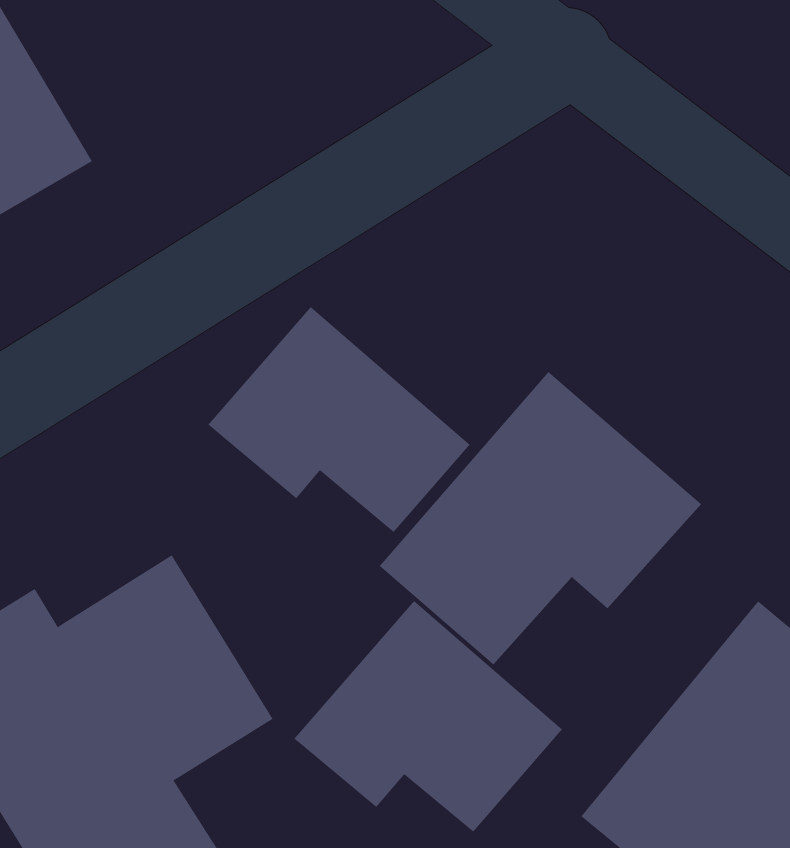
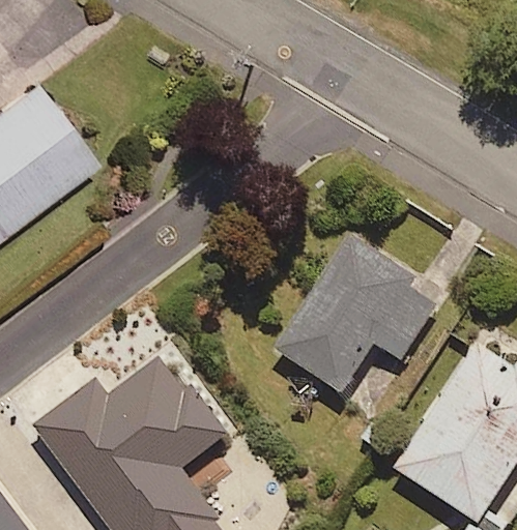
building: [208,306,470,533] -> none
building: [293,600,563,833] -> none

